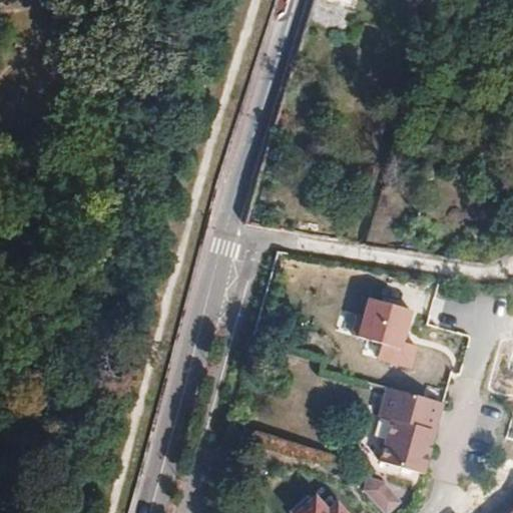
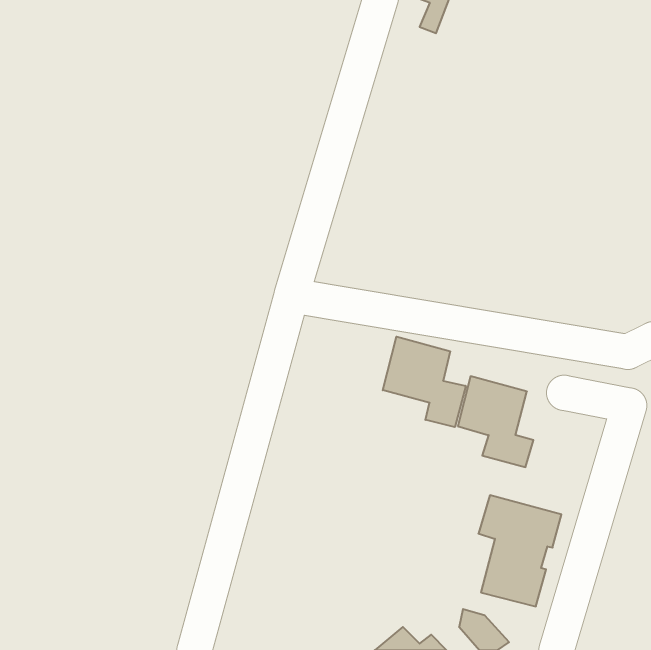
building: none -> [383,337,466,427]

